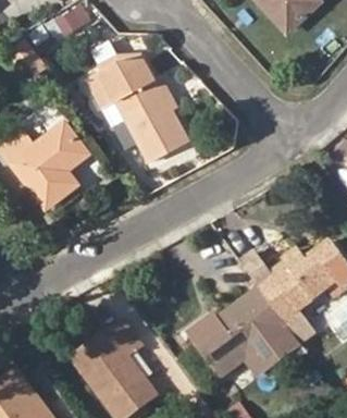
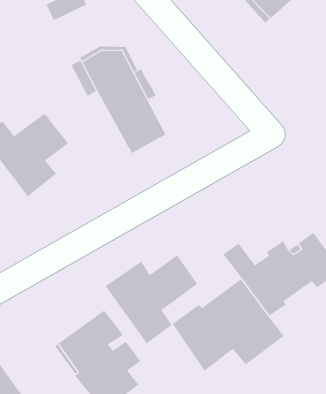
building: none -> [105,254,198,344]

